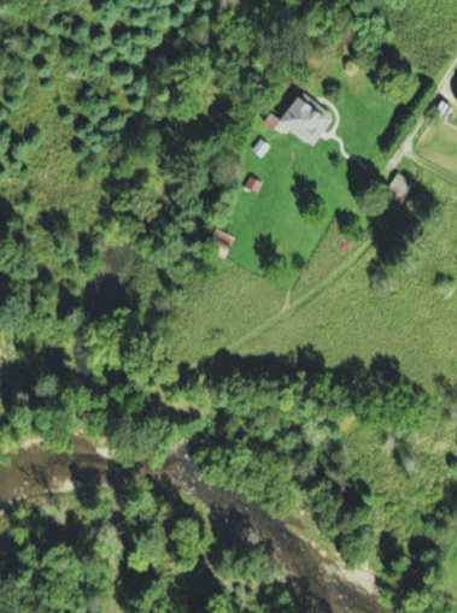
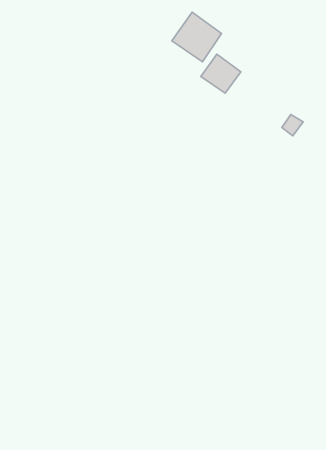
building: none -> [172,12,221,62]

